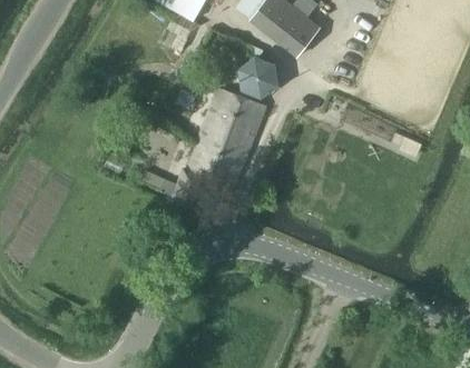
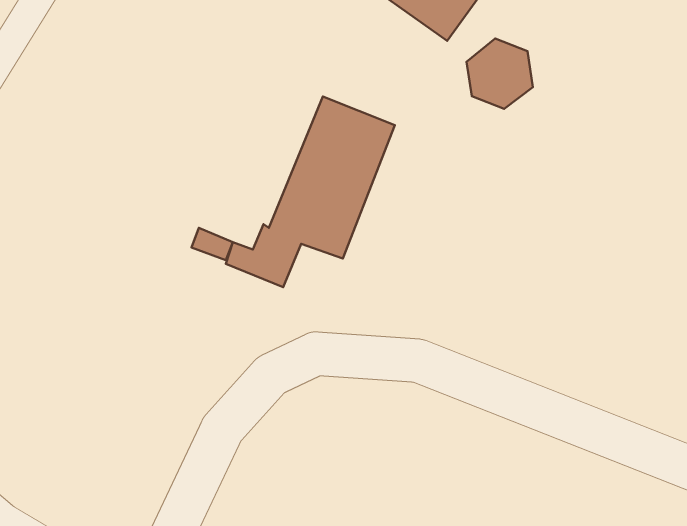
building: [237,57,278,100] -> [466,39,533,109]

